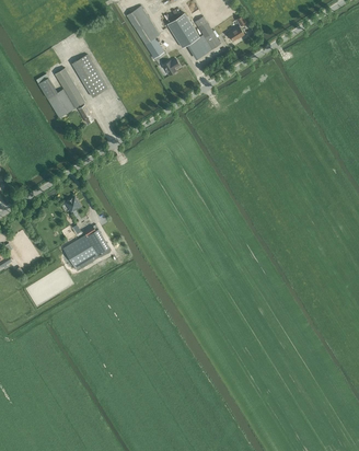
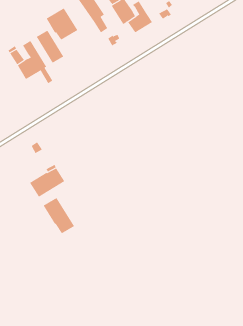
building: none -> [46,7,78,41]
building: none -> [43,197,75,234]

